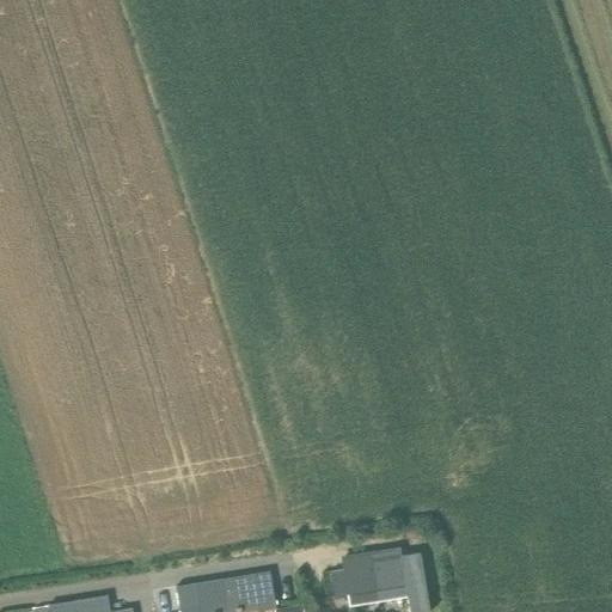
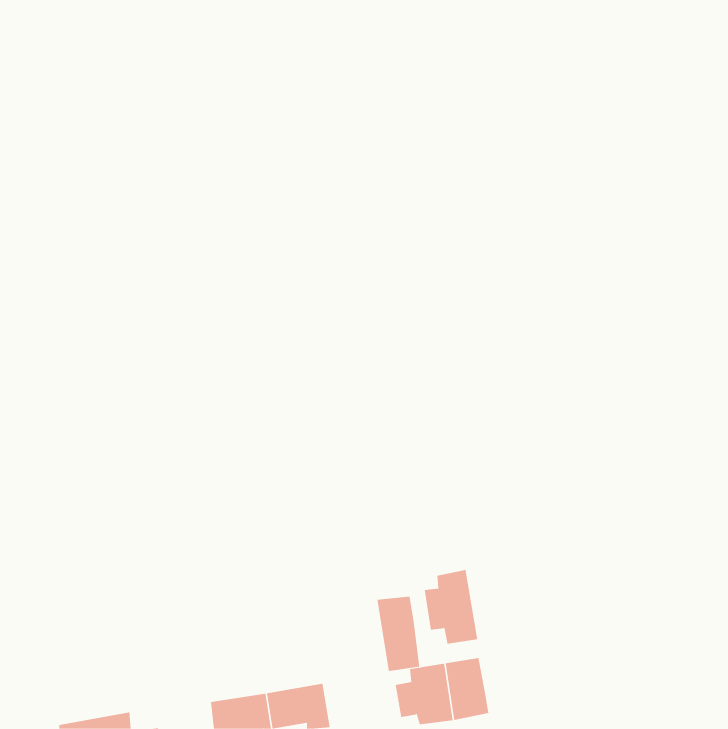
building: none -> [424,569,478,644]
building: none -> [377,596,420,672]

